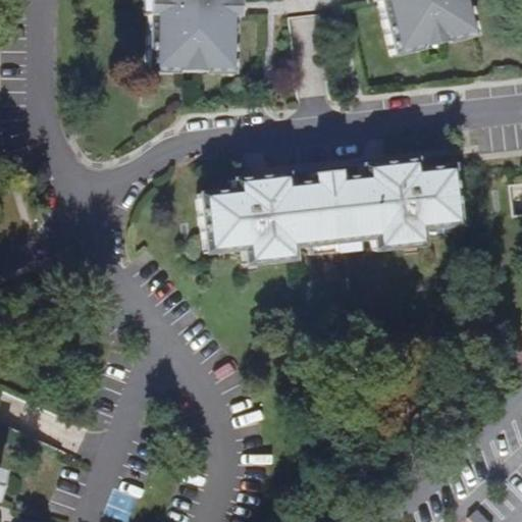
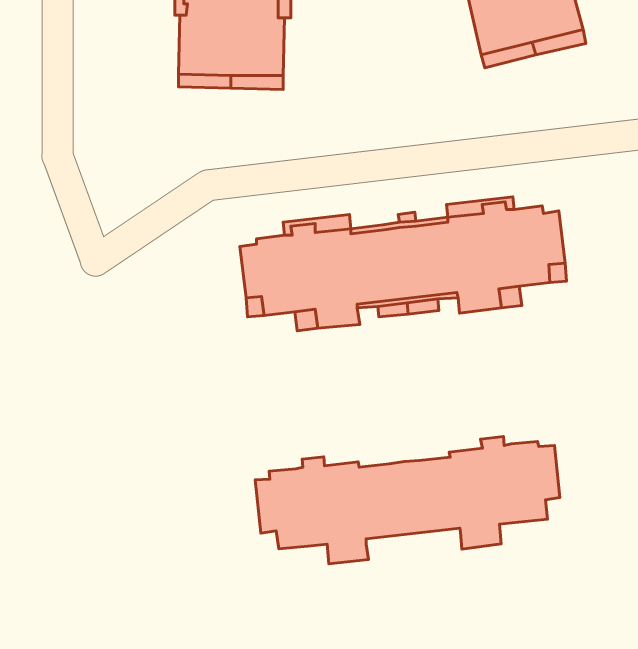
building: none -> [255,436,560,564]

